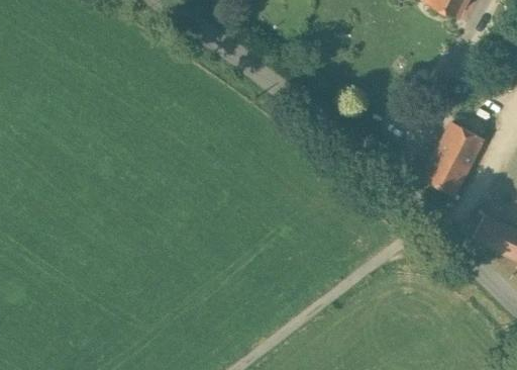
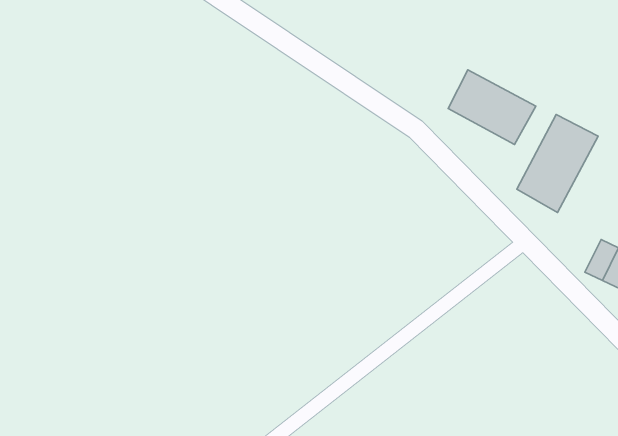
building: none -> [448,70,536,145]

